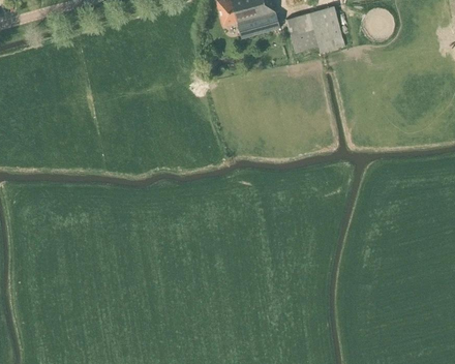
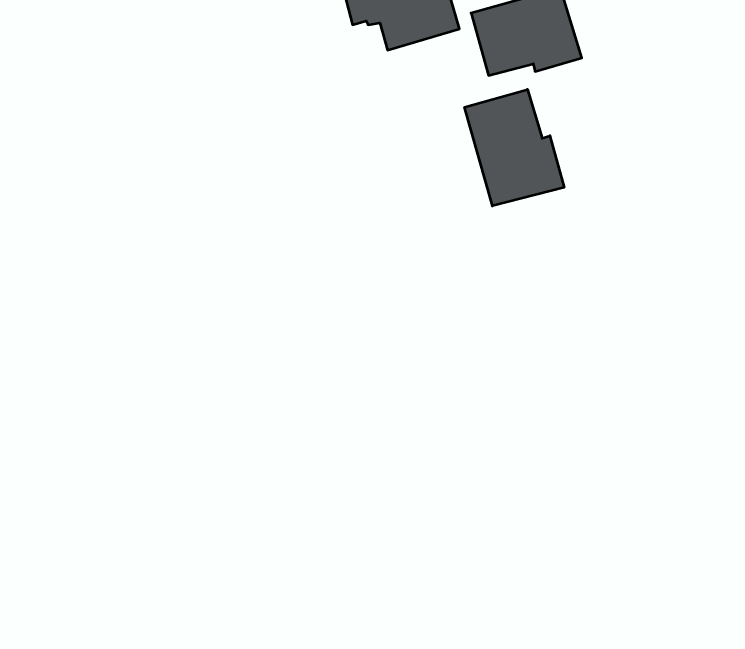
building: none -> [465,89,564,206]

